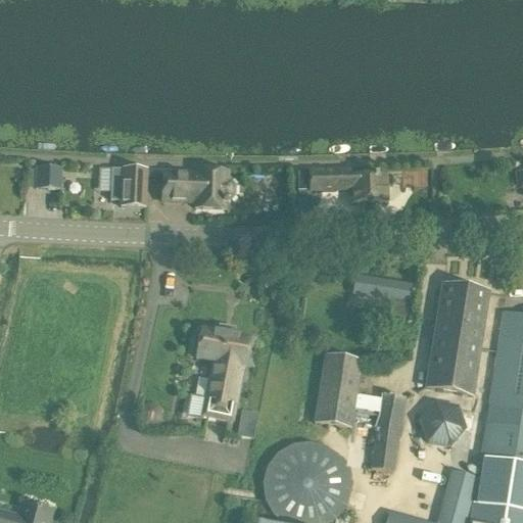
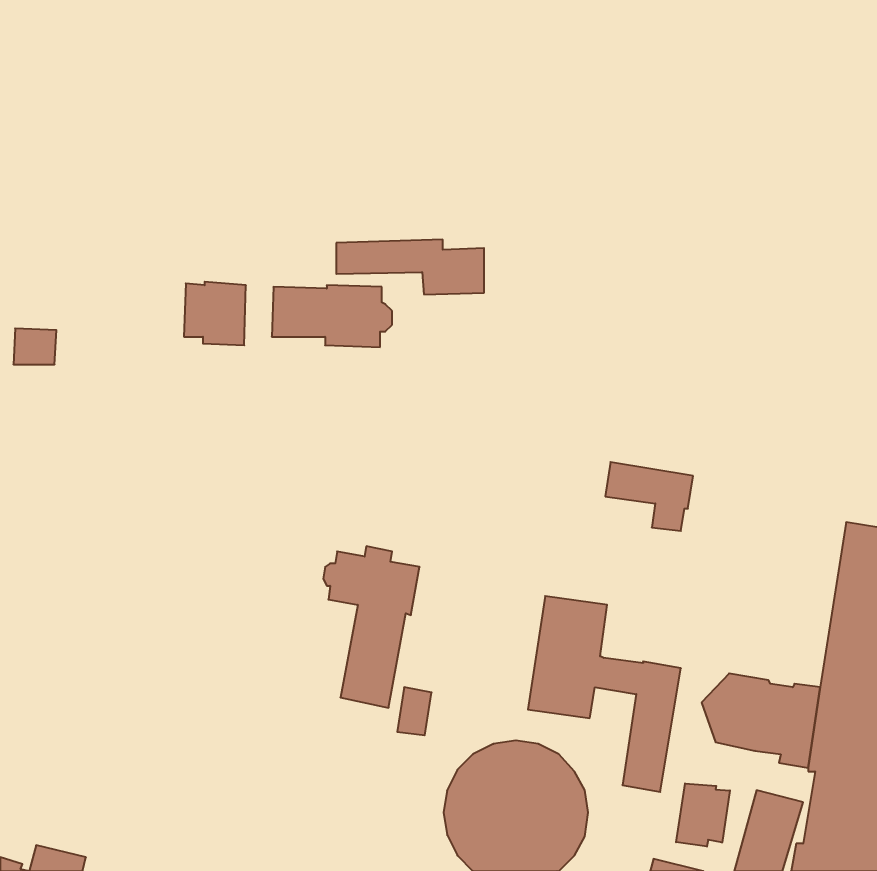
building: [36,167,61,188] -> [13,328,56,364]
building: [298,169,386,201] -> [336,240,484,294]
building: [427,284,489,395] -> none
building: none -> [676,783,730,847]

